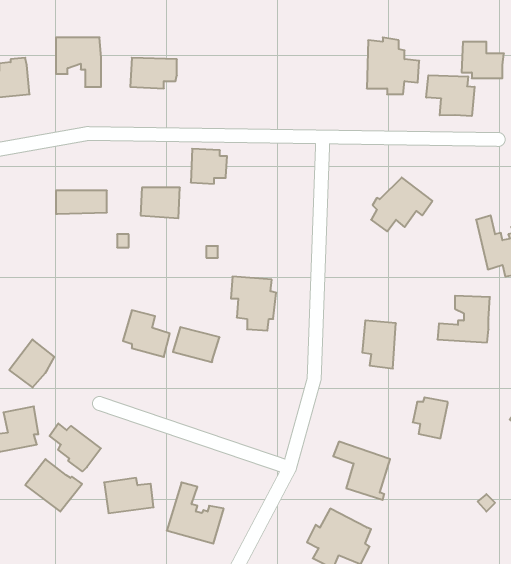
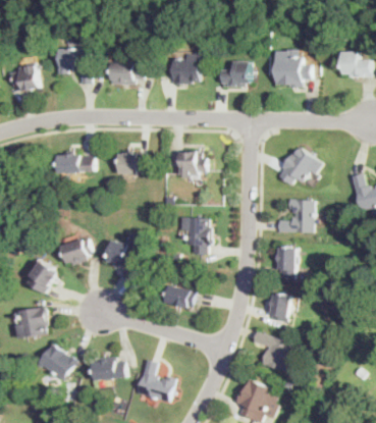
building: none -> [171,51,199,85]
building: none -> [220,61,250,87]
building: [426,75,475,116] -> none
building: [191,149,227,184] -> [180,152,206,176]
building: [437,296,490,342] -> [276,201,313,233]
building: none -> [61,237,92,265]
building: [173,327,220,362] -> [163,285,196,310]
building: [413,397,448,438] -> [266,293,290,321]
building: [50,423,101,471] -> none

